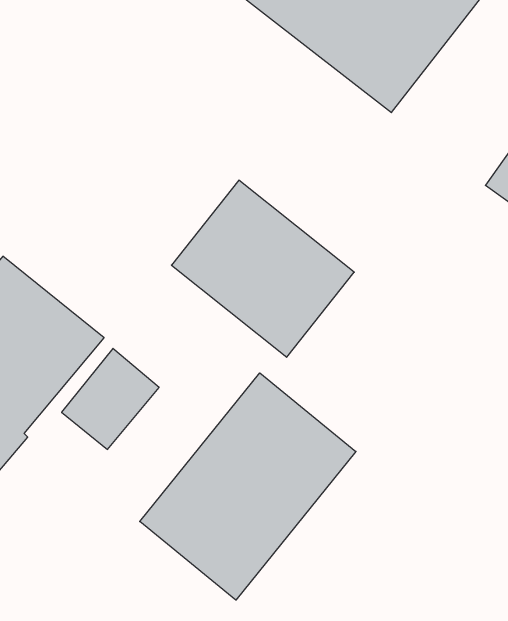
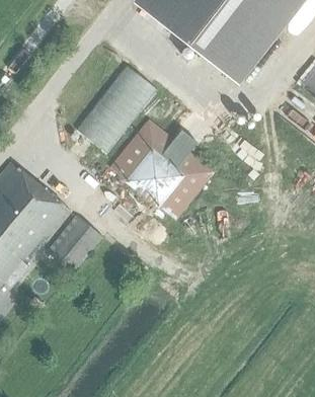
building: none -> [77,65,156,152]
building: [140,373,356,600] -> none

